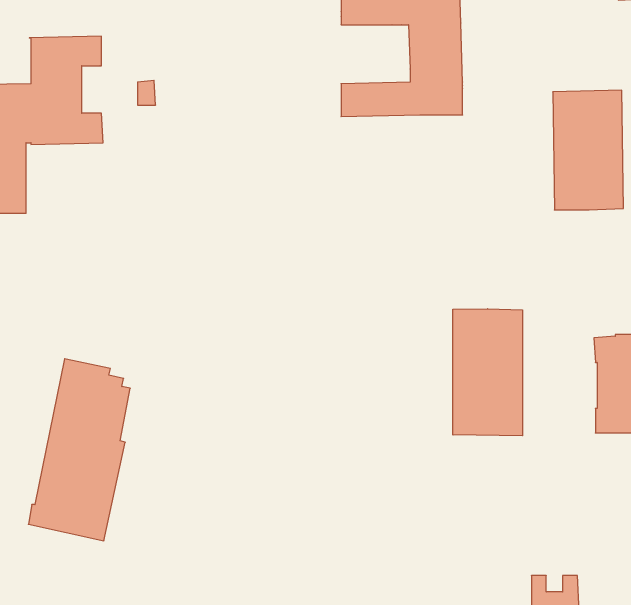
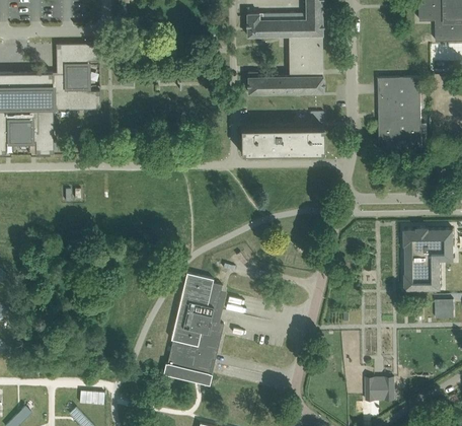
building: none -> [240,127,323,153]
building: [453,309,522,436] -> none
building: [28,359,130,541] -> [162,272,225,384]

